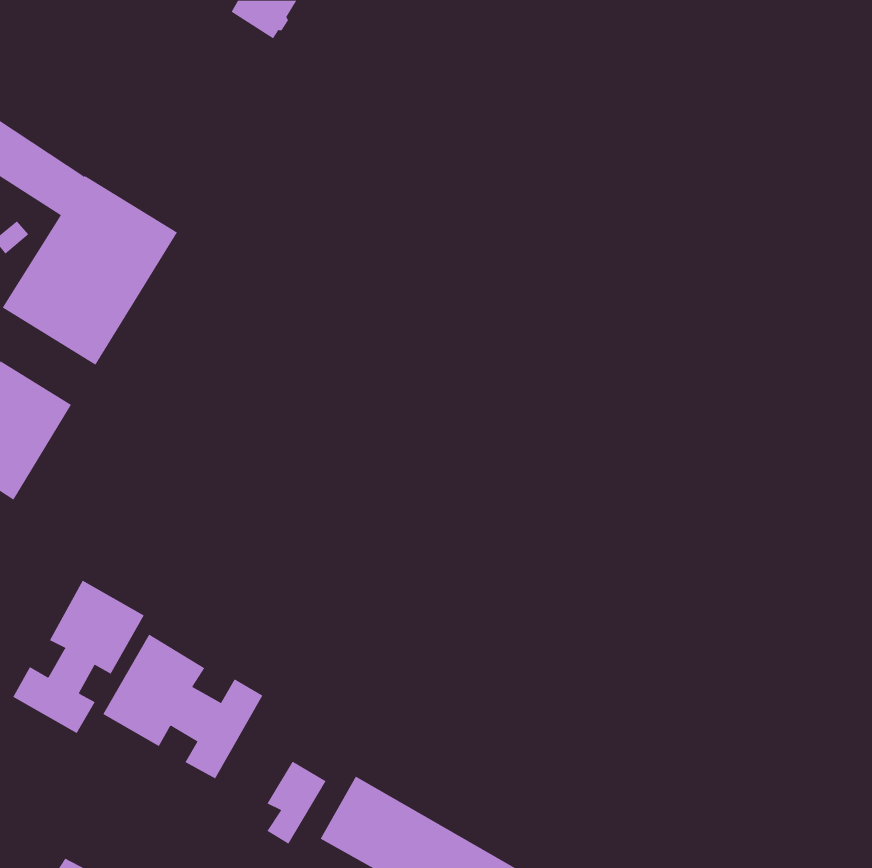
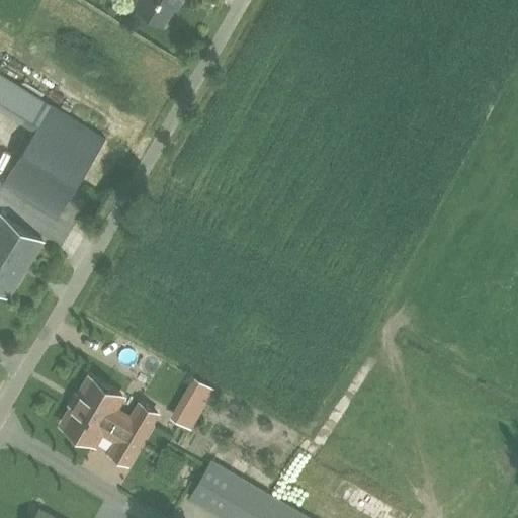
building: [12,580,144,734] -> none
building: [267,761,326,844] -> [175,379,210,429]

